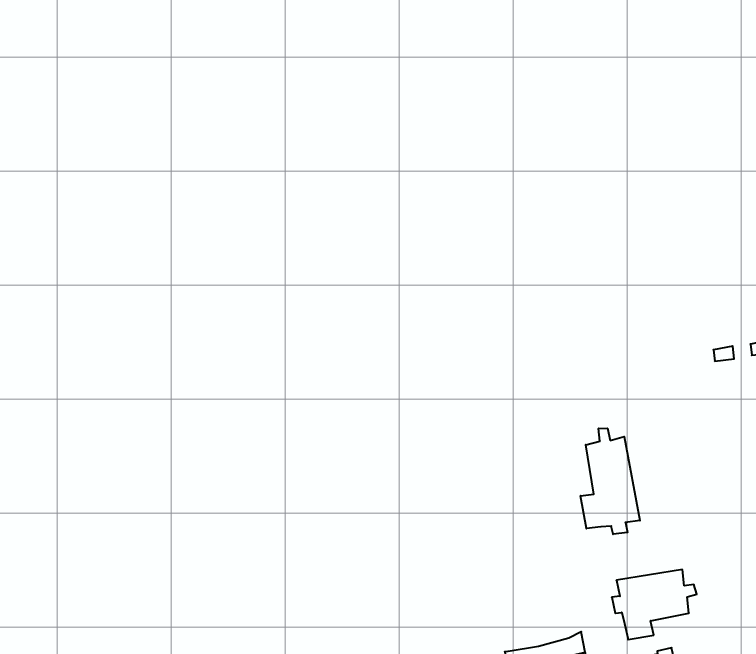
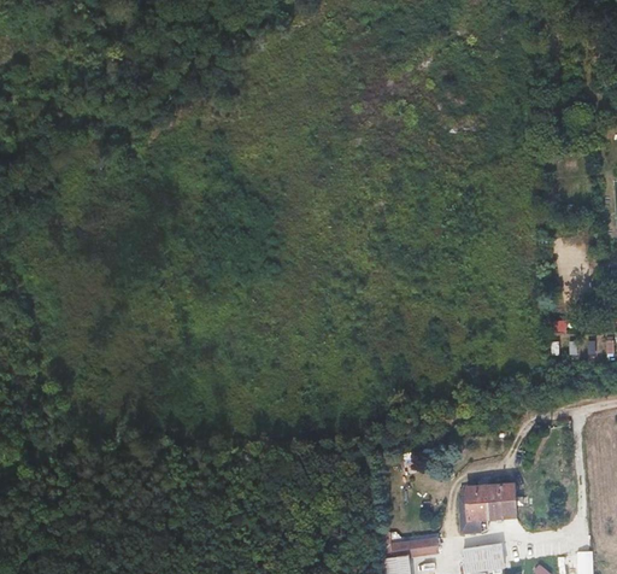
building: [581,428,640,534] -> none

